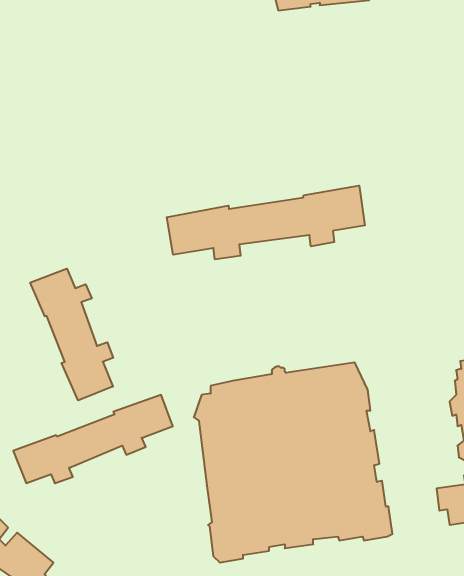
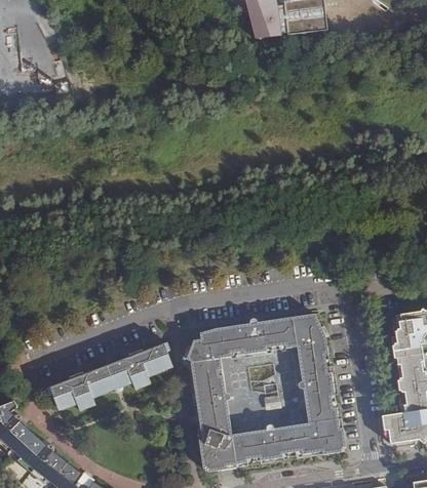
building: [167,186,365,259] -> none
building: [30,269,113,400] -> none

